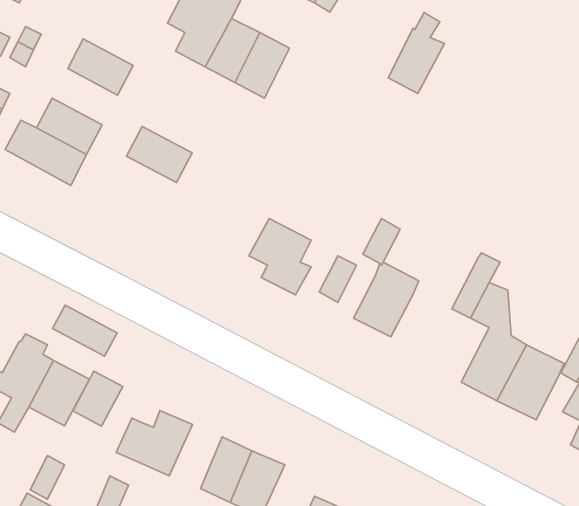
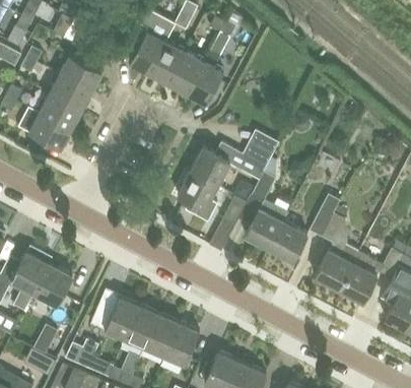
building: [388,12,444,94] -> [187,52,223,105]
building: [127,126,192,183] -> [49,75,91,112]
building: none -> [243,130,279,168]
building: none -> [190,143,235,187]
building: none -> [269,222,306,262]
building: [53,305,117,356] -> none
building: [73,371,123,426] -> none
building: none -> [125,307,159,348]

